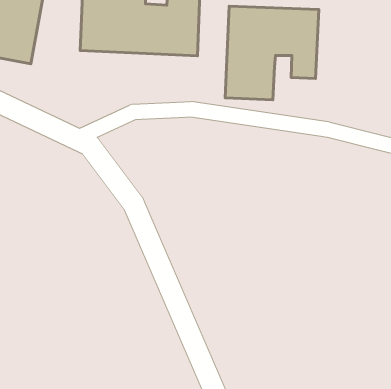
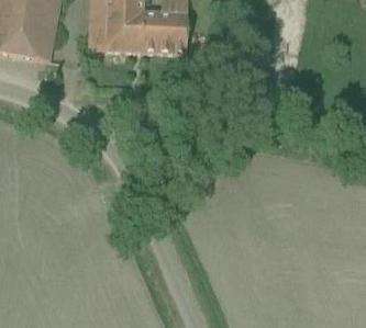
building: [225,6,319,100] -> none

